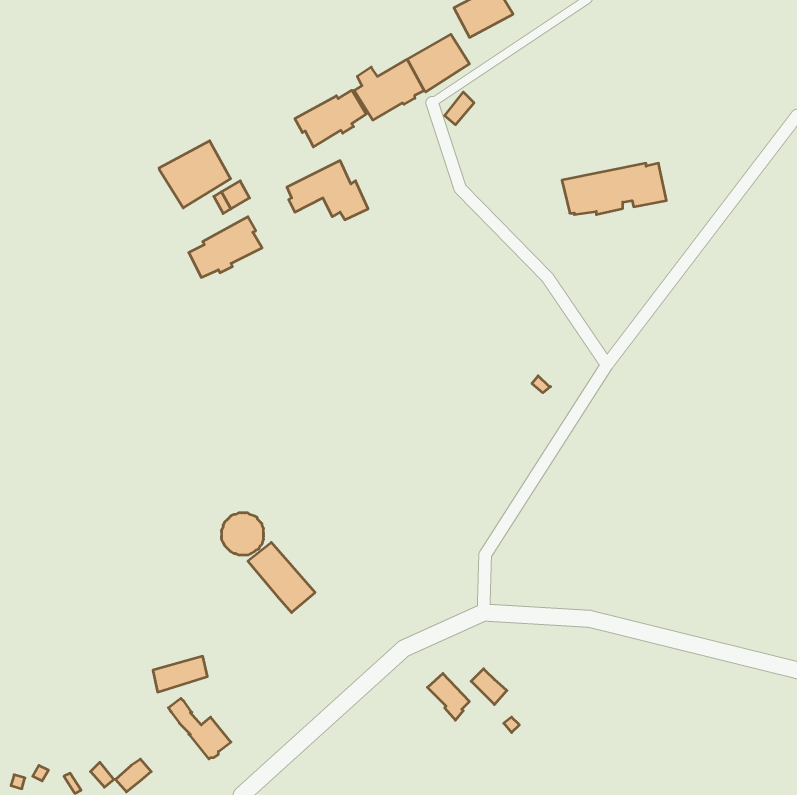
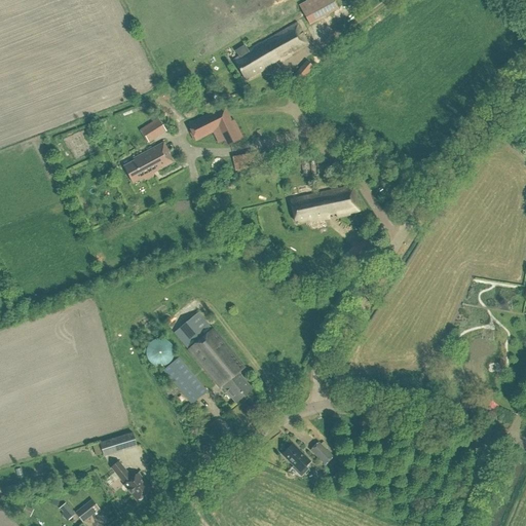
building: [295,90,366,147] -> none
building: [159,141,231,208] -> none
building: [562,163,666,215] -> [290,188,359,222]
building: none -> [174,312,254,403]

